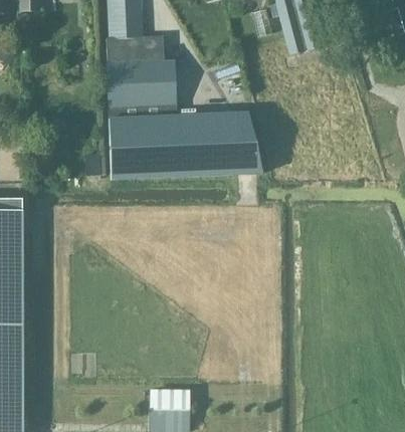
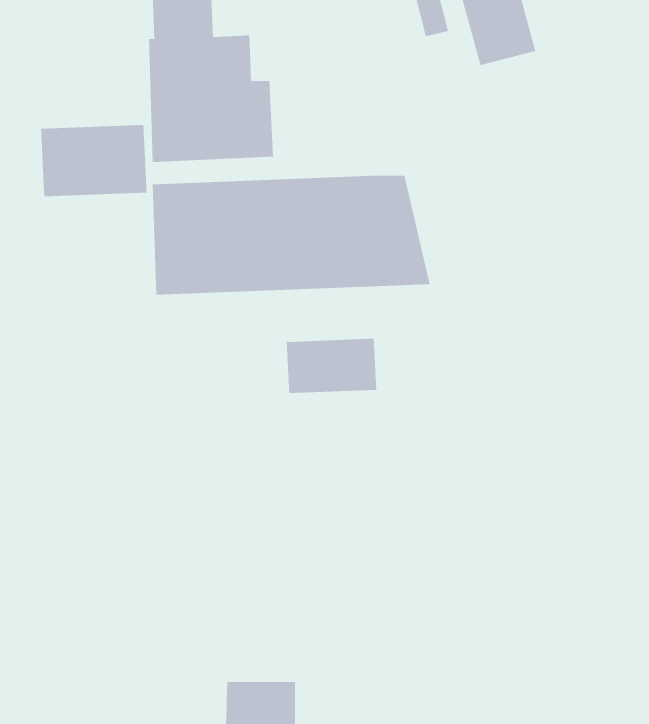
building: none -> [40,124,147,197]
building: none -> [286,338,377,394]

